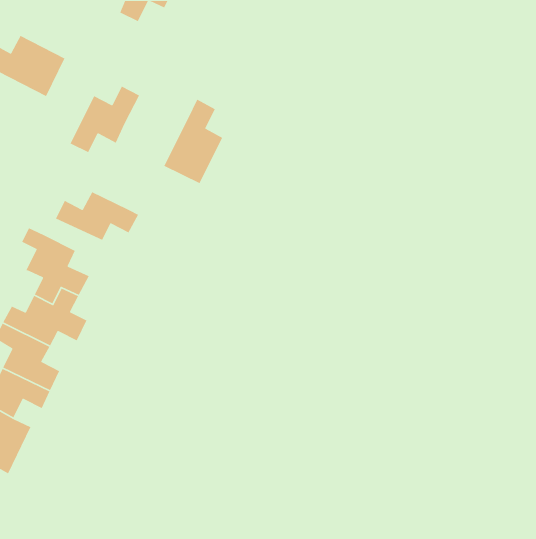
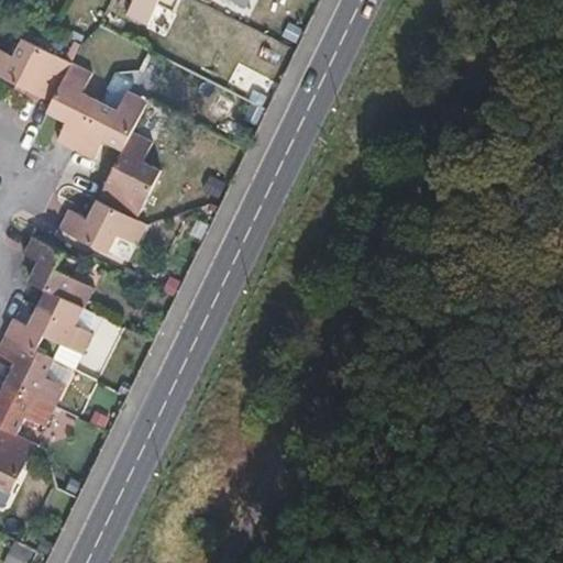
building: none -> [43,62,98,151]
building: [163,98,223,184] -> [96,130,158,219]

